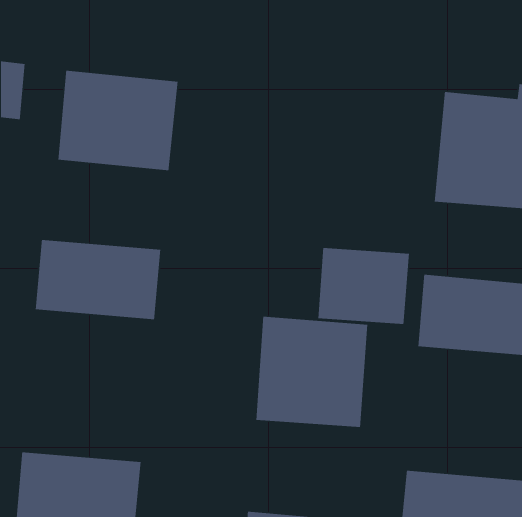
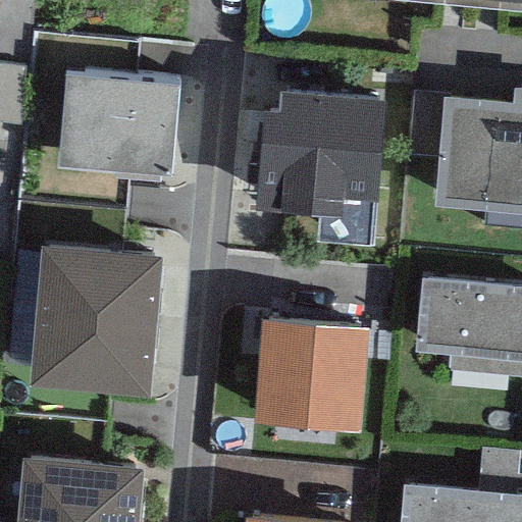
building: none -> [257,94,385,217]
building: [318,247,410,325] -> none
building: none -> [30,315,156,396]

